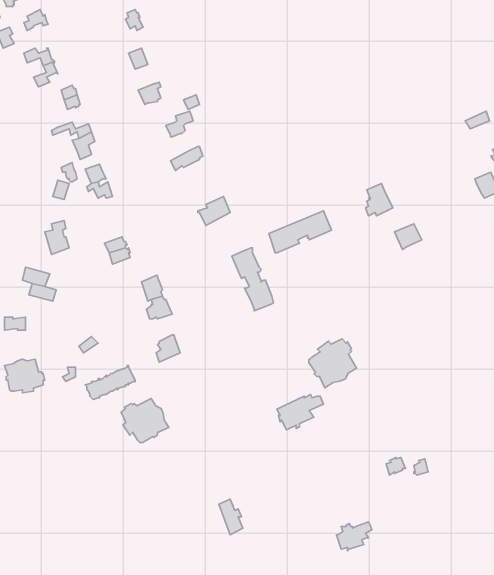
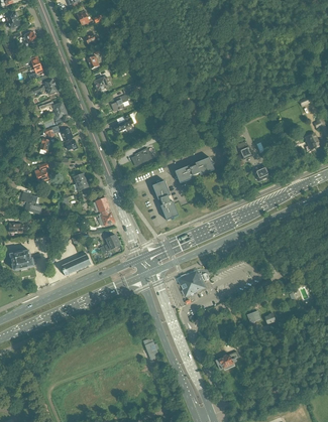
building: [309,339,357,388] -> none
building: [121,398,169,443] -> none

